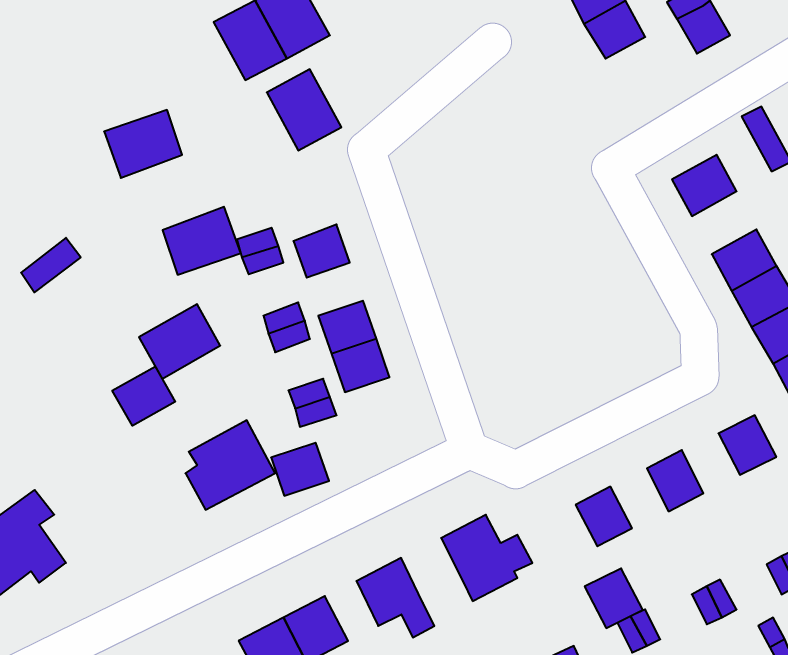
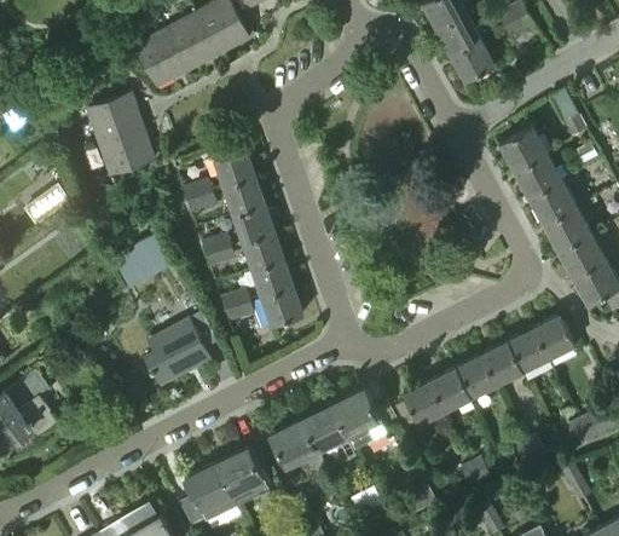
building: none -> [451,40,494,82]
building: [267,69,341,151] -> [134,29,189,88]
building: none -> [214,149,255,189]
building: none -> [514,152,561,198]
building: [163,207,241,275] -> [98,126,155,175]
building: none -> [233,204,274,243]
building: [112,367,175,426] -> none
building: none -> [507,329,549,373]
building: [271,443,329,496] -> [261,288,303,327]
building: none -> [455,355,497,398]
building: none -> [302,405,347,453]
building: [585,568,643,628] -> [403,381,445,425]

